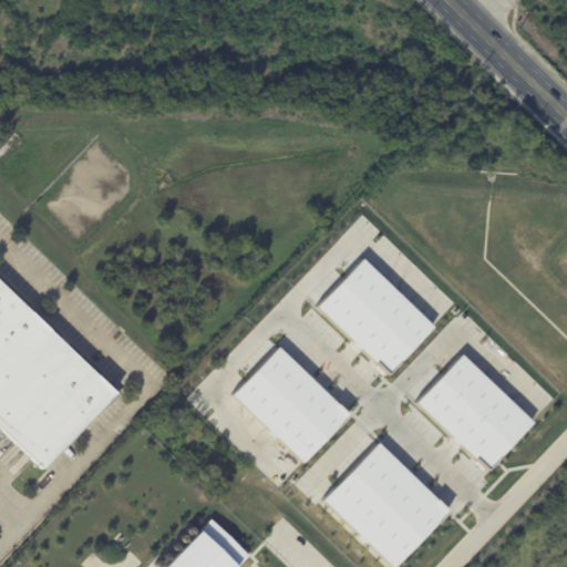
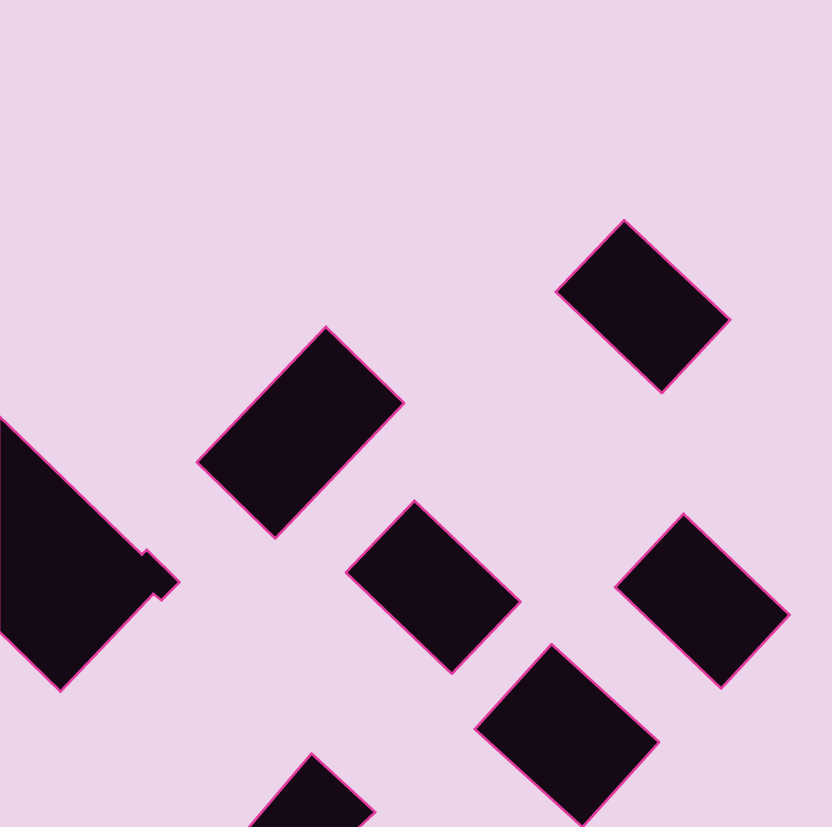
building: none -> [197,327,404,538]
building: [316,254,434,371] -> [556,220,730,393]

